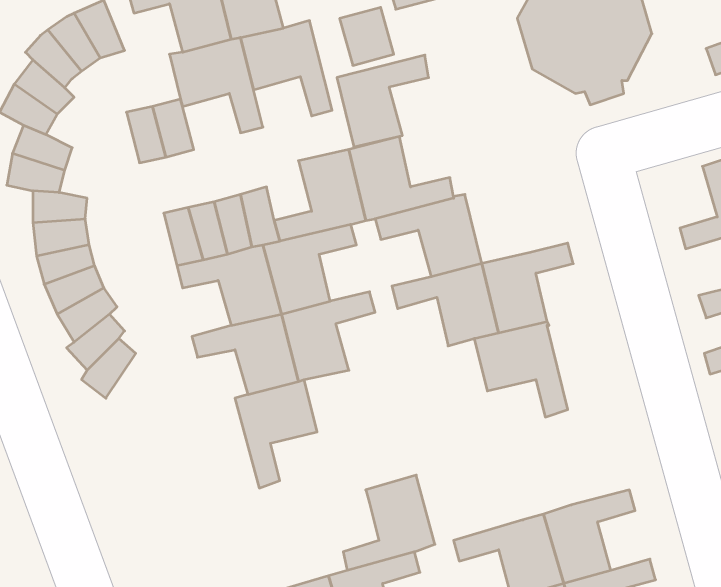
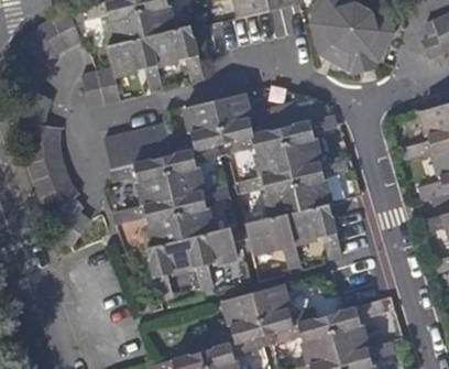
building: [337,55,429,147] -> [282,113,336,167]
building: none -> [245,211,300,268]
building: none -> [187,226,238,290]
building: none -> [253,284,316,333]

